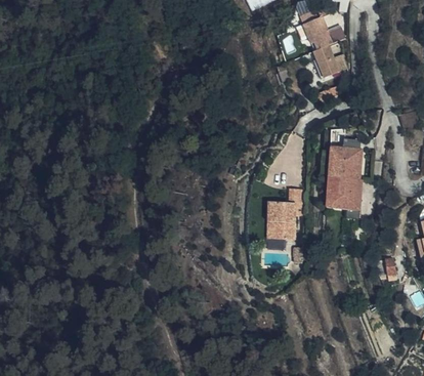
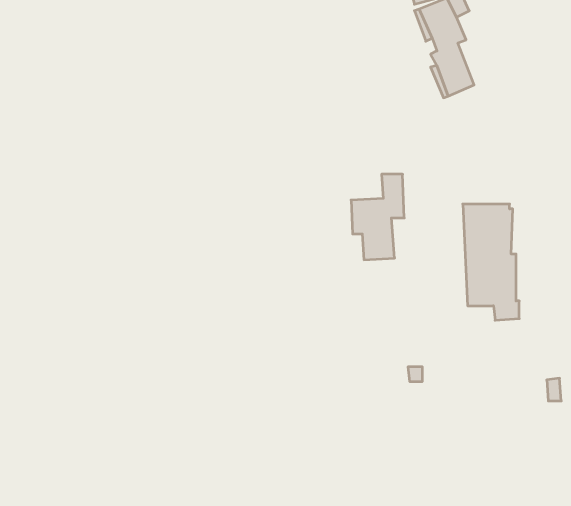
building: [266,189,300,243] -> [351,174,404,260]

